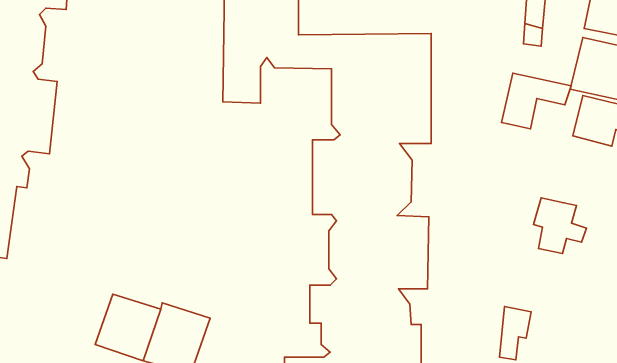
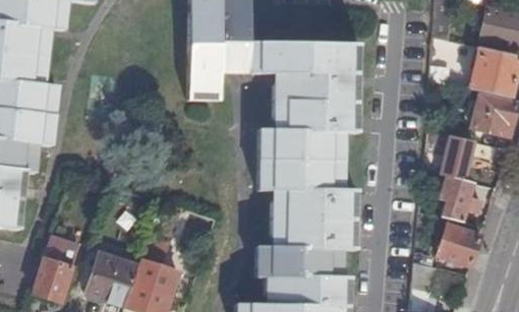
building: [502,73,571,129] -> [440,135,496,180]
building: none -> [437,224,481,266]
building: none -> [31,239,78,302]

